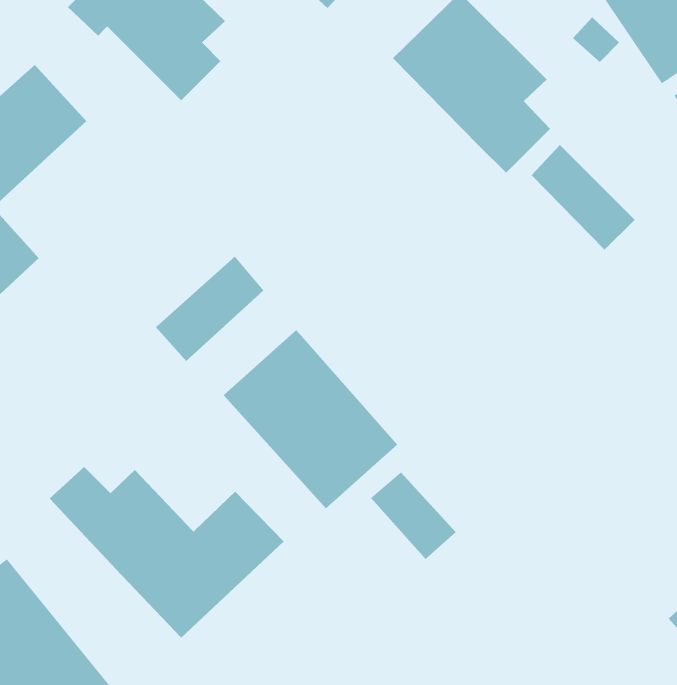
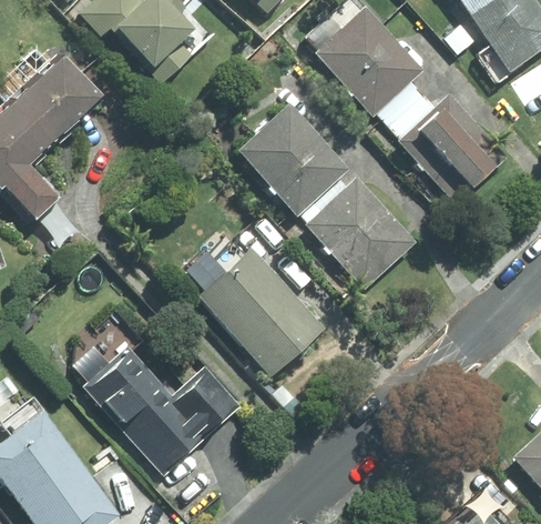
building: none -> [233,99,419,294]
building: [155,256,264,362] -> none
building: [370,472,456,560] -> none

